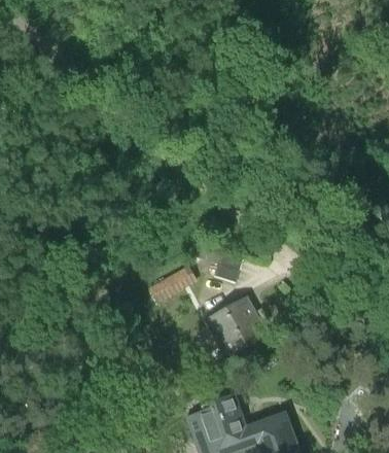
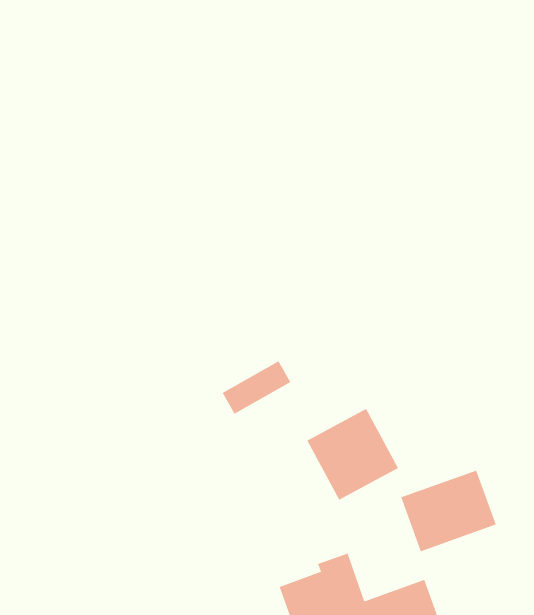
building: [193,245,242,281] -> none
building: none -> [401,470,496,552]

